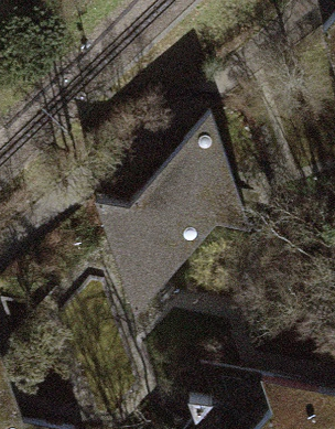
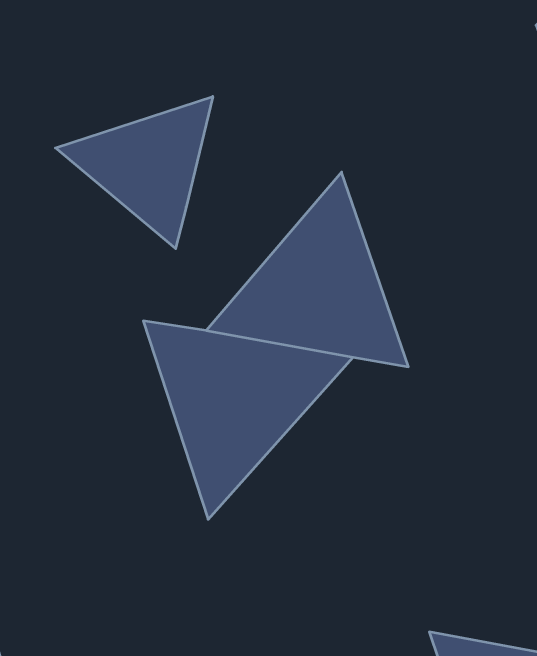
building: none -> [55,96,213,249]

